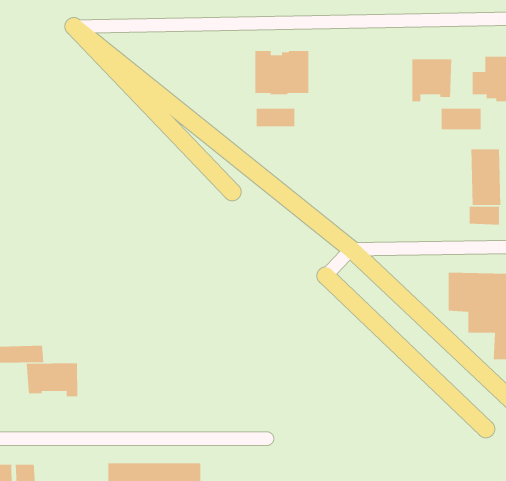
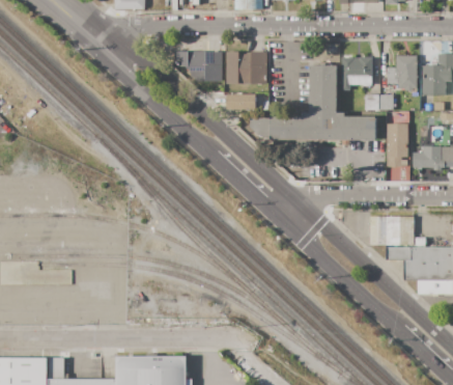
building: none -> [174,52,222,82]
building: none -> [250,65,377,140]
building: [26,362,78,397] -> none

